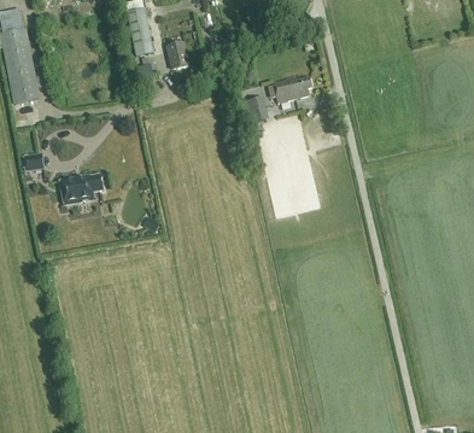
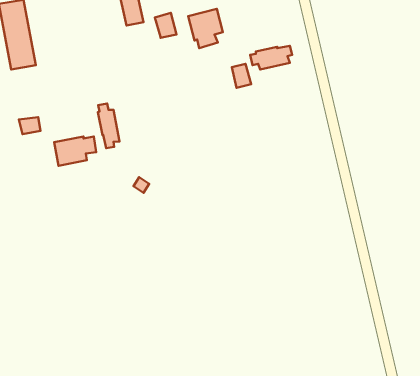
building: none -> [188,9,223,48]
building: none -> [98,104,120,148]

